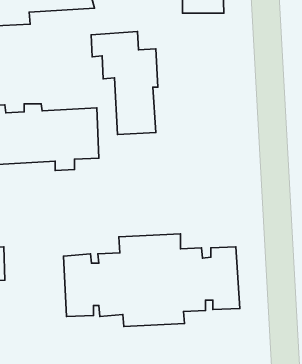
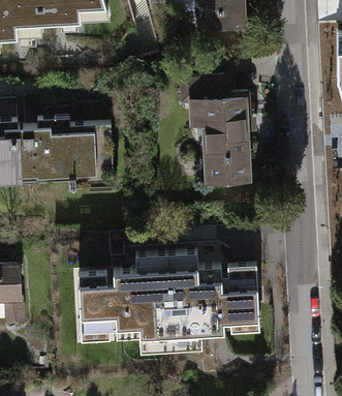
building: [91,32,158,134] -> [182,77,250,182]

